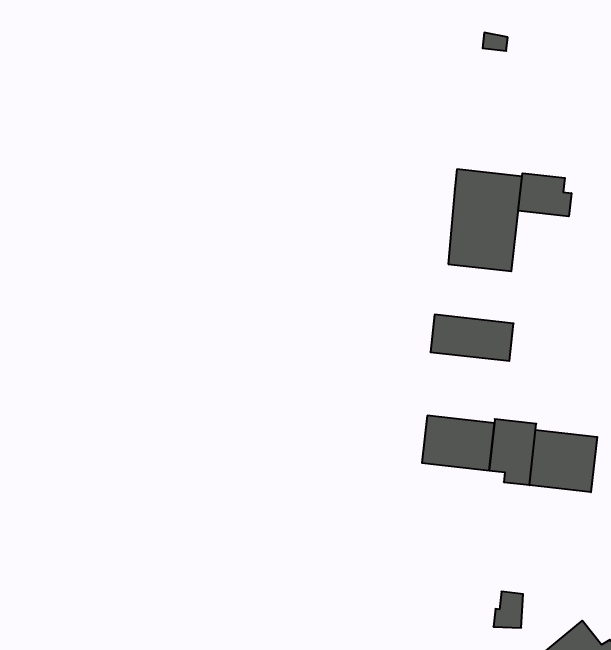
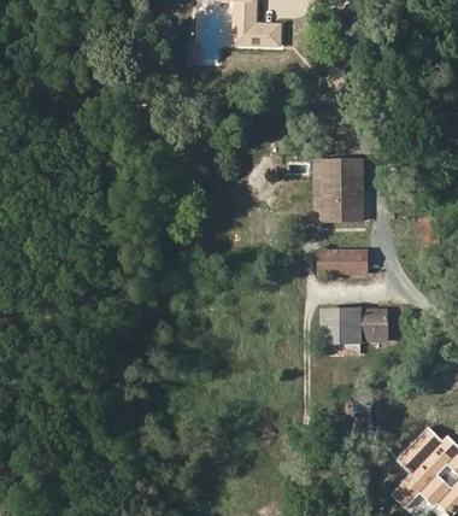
building: [518,173,571,216] -> none
building: [529,430,597,492] -> none

